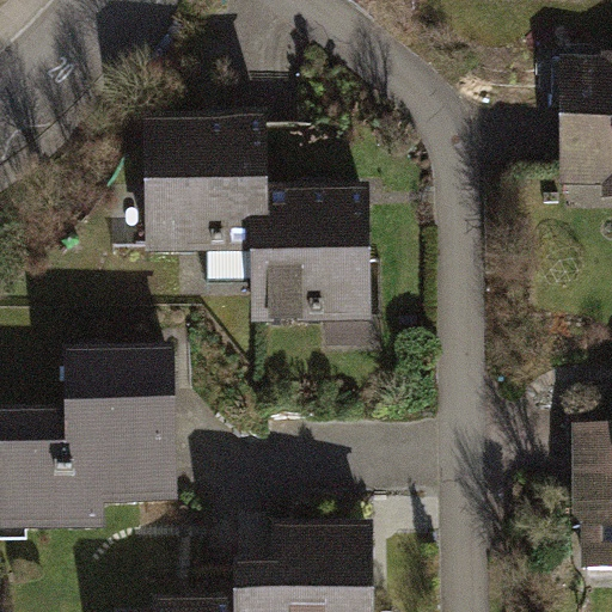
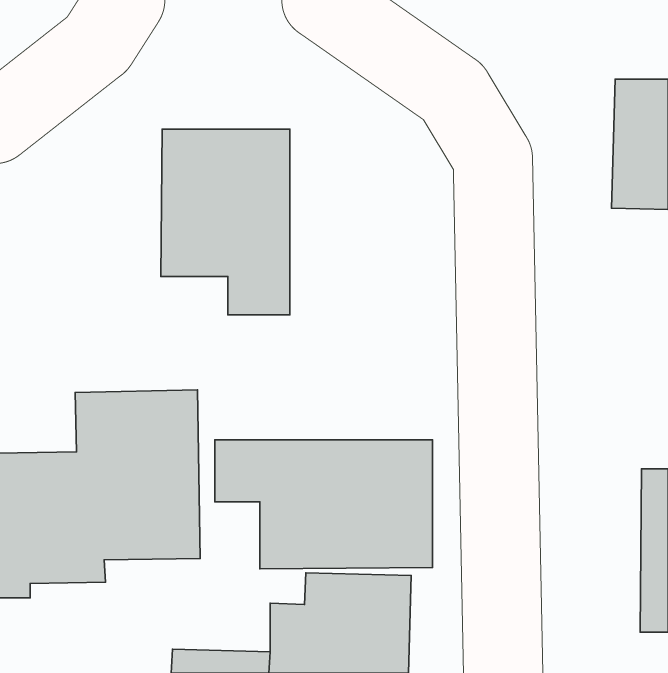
building: [263,183,374,354] -> none
building: none -> [215,440,433,569]

